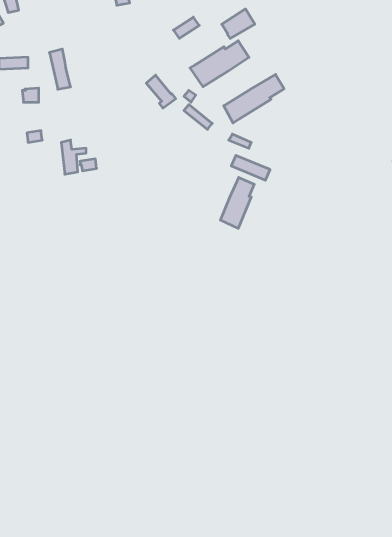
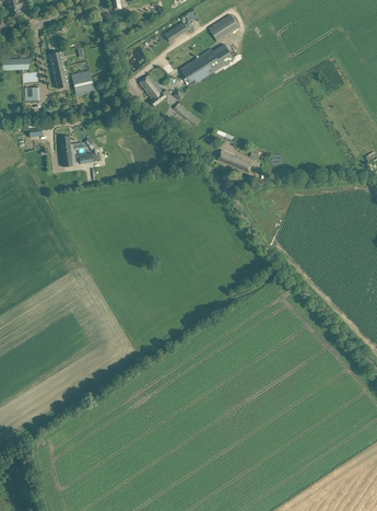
building: none -> [71,68,95,95]
building: [224,74,284,123] -> none
building: [220,177,254,228] -> none

